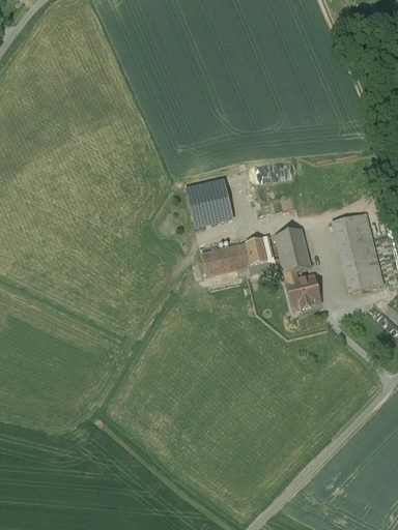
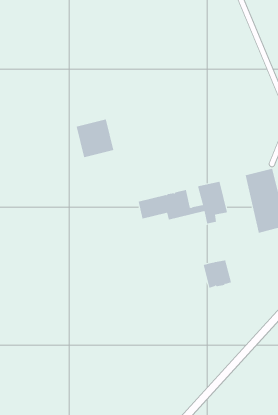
building: [186,179,232,227] -> [76,119,114,158]
building: [285,274,320,310] -> [203,260,232,289]

